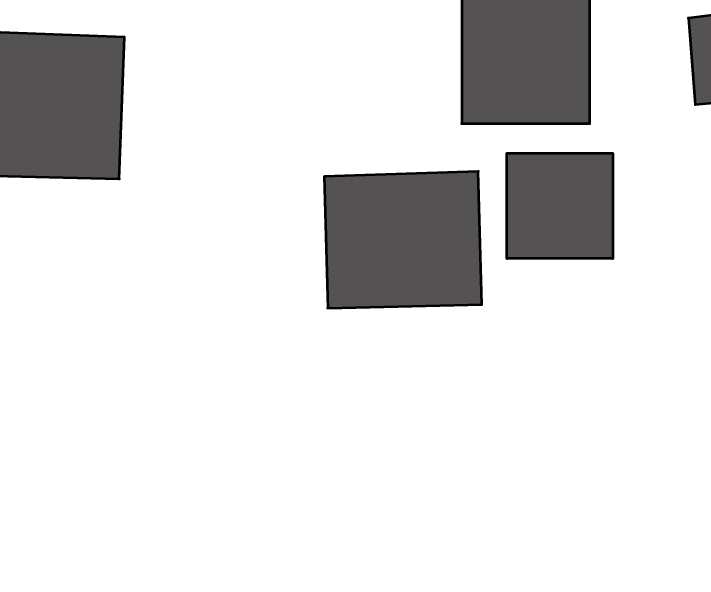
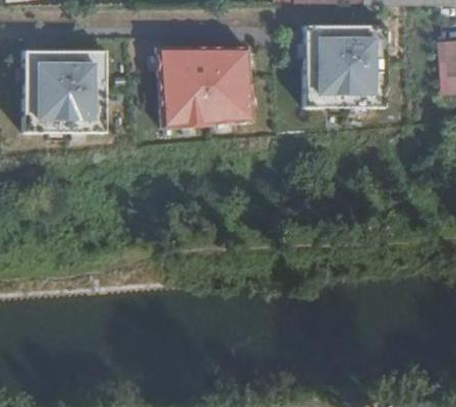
building: [507,153,613,259] -> none
building: [324,171,482,308] -> [159,47,251,127]

